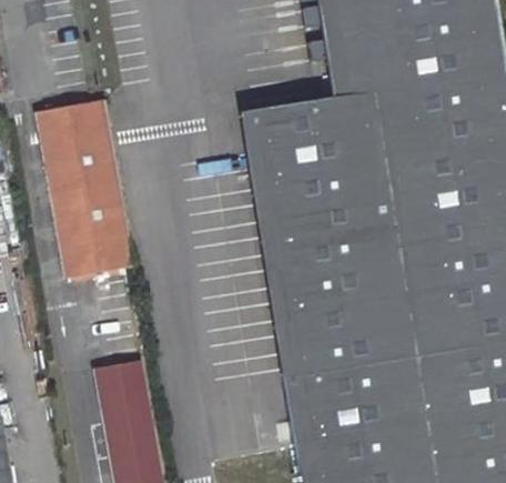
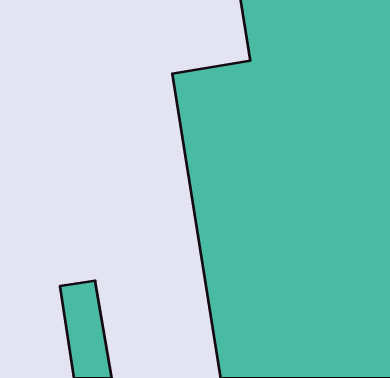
building: [37,103,134,279] -> none

